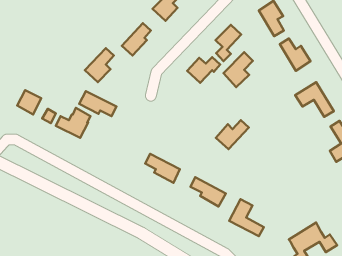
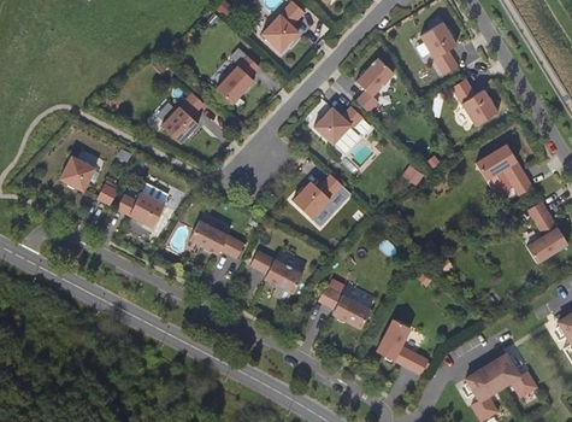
building: [223,52,253,87] -> none
building: [79,91,116,116] -> [189,221,244,258]
building: [216,120,249,149] -> [293,175,342,218]

